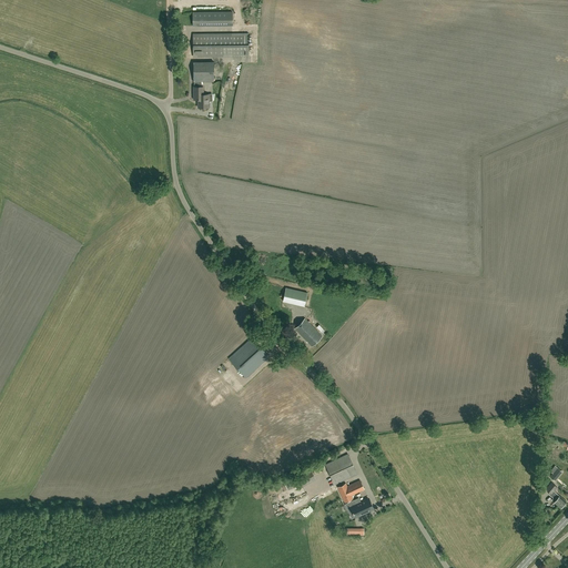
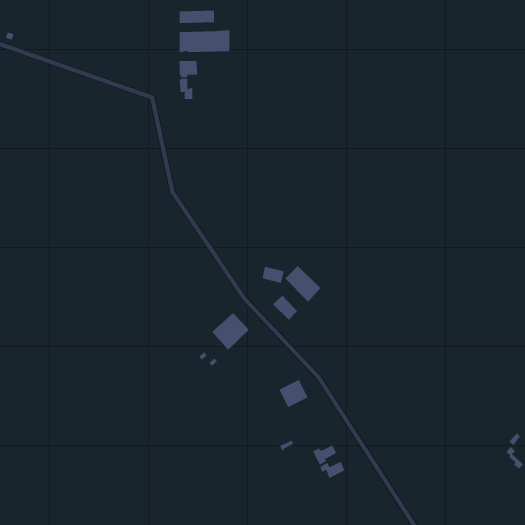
building: none -> [284,265,321,302]
building: [325,454,357,485] -> [279,379,308,408]

